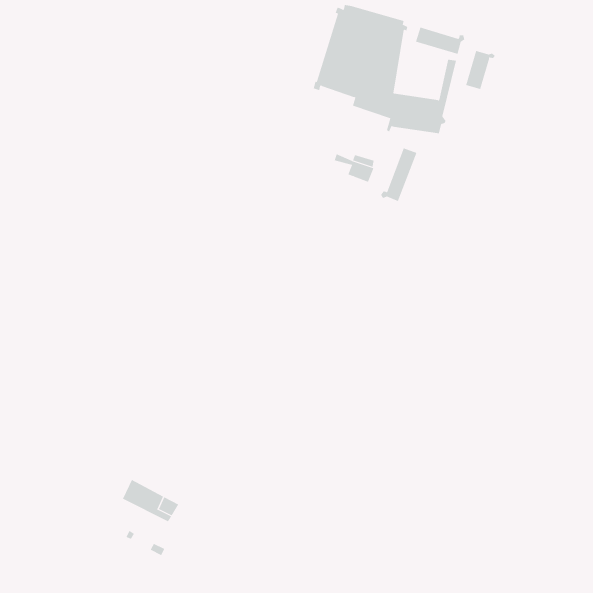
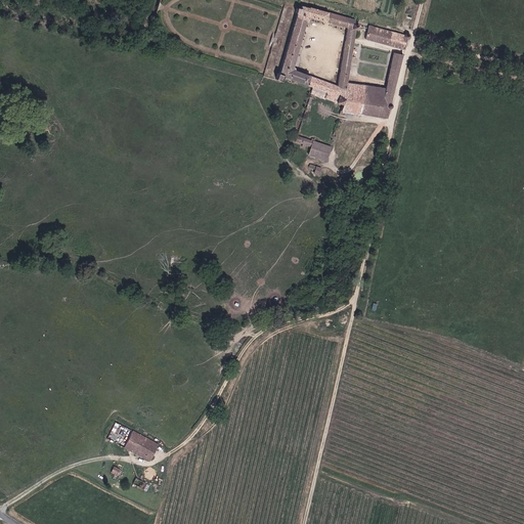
building: [465,50,496,90] -> none
building: [380,148,417,202] -> none

